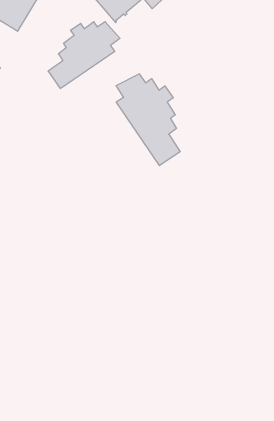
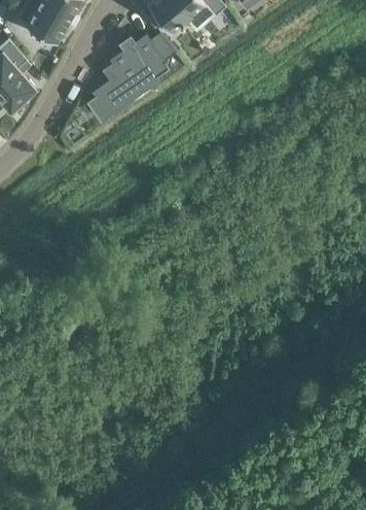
building: [116,74,180,166] -> none

